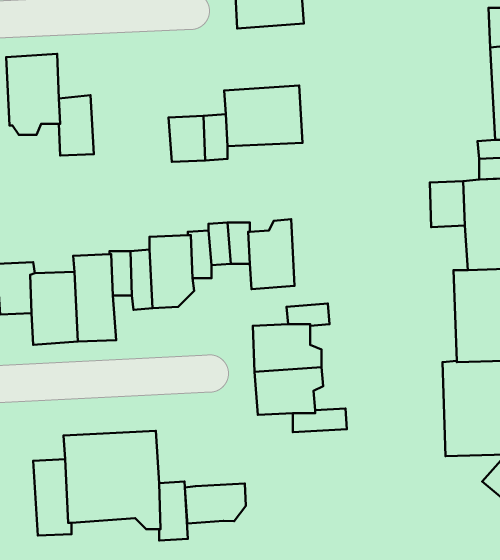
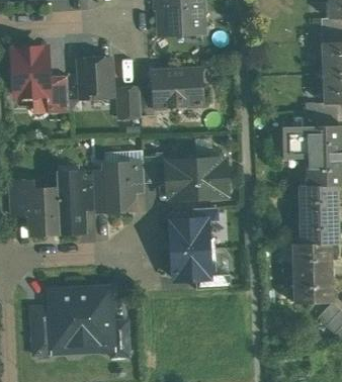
building: none -> [78,58,112,99]
building: none -> [194,154,225,196]
building: [185,483,246,524] -> none

